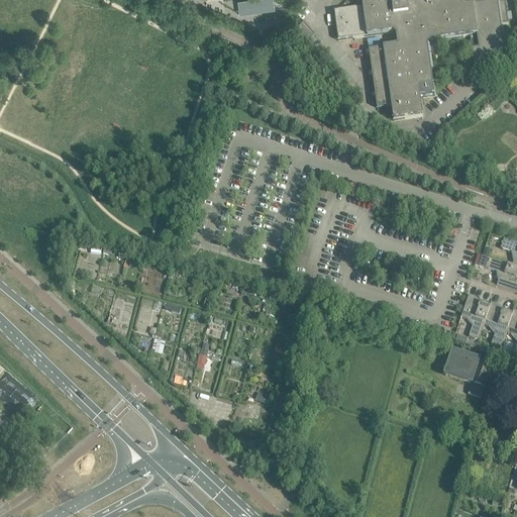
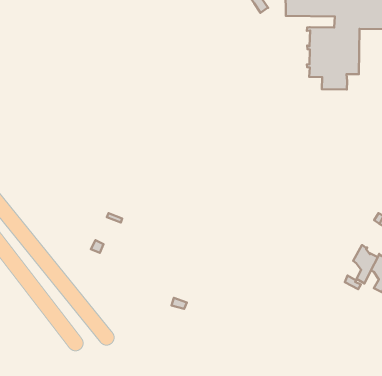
building: [442,347,492,394] -> none

